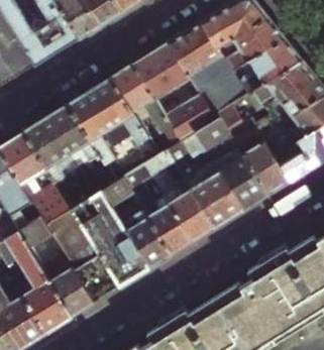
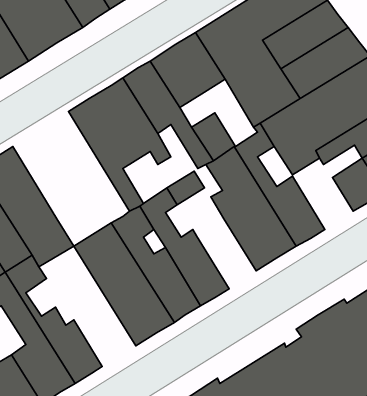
building: [175,79,216,131] -> none
building: [25,104,116,188] -> none
building: [243,140,291,196] -> none
building: [169,188,215,242] -> none
building: [45,209,121,303] -> none

